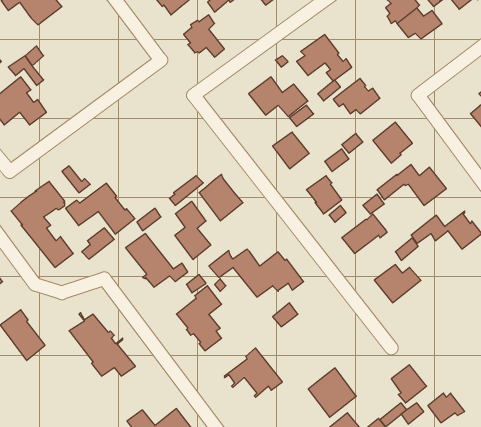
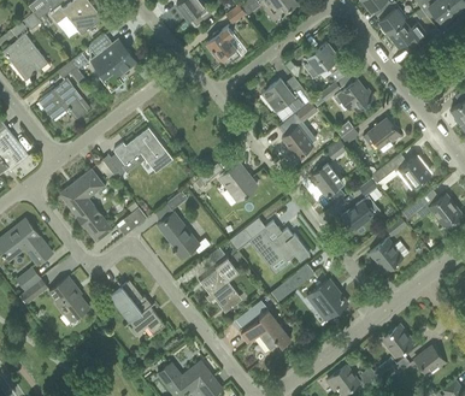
building: none -> [89,34,136,93]
building: [66,183,135,234] -> [113,129,172,172]
building: [175,201,211,260] -> none
building: [308,368,356,417] -> [306,279,347,321]

